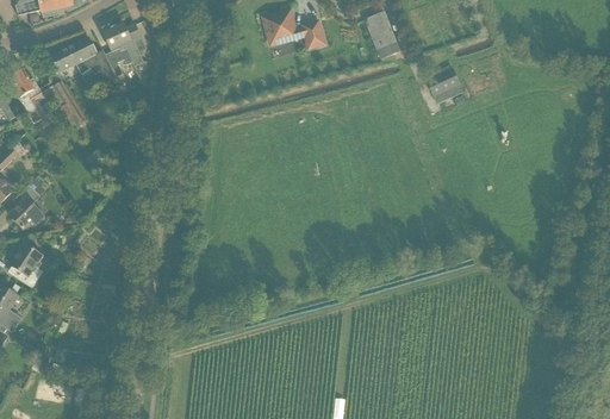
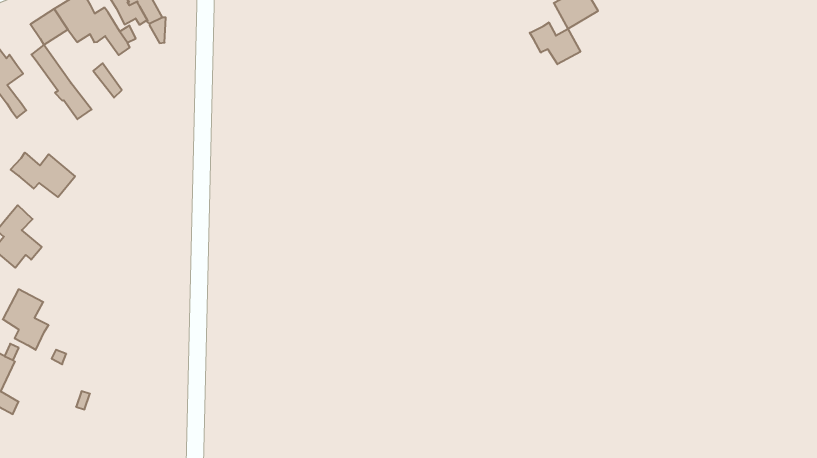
building: none -> [530,22,580,64]
building: none -> [11,153,75,197]

